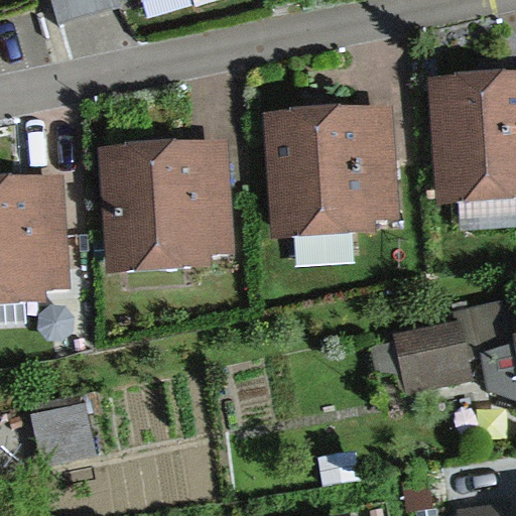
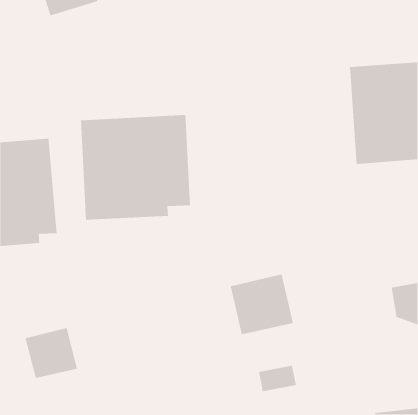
building: [264,107,397,236] -> none
building: [393,319,472,395] -> [230,274,294,335]

